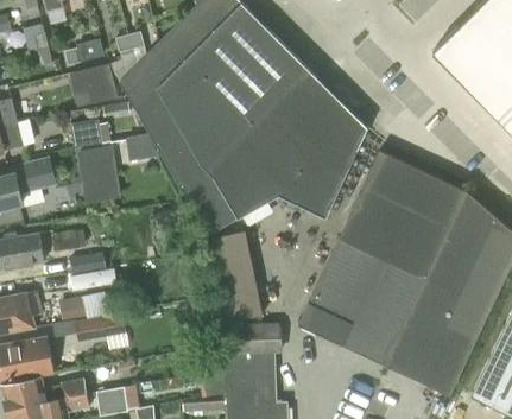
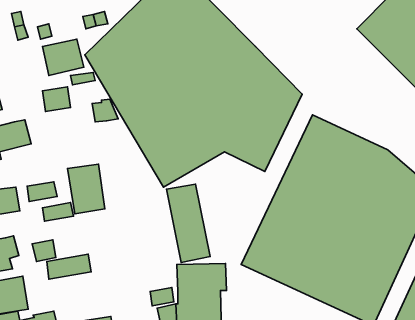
building: [77,147,120,204] -> [67,164,105,214]

